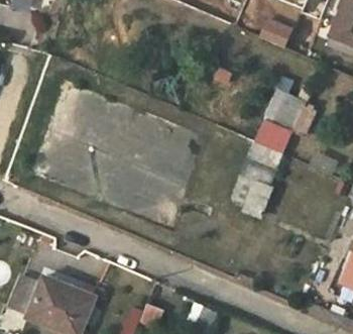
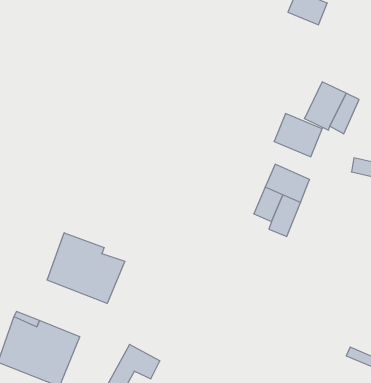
building: none -> [47,233,125,303]

